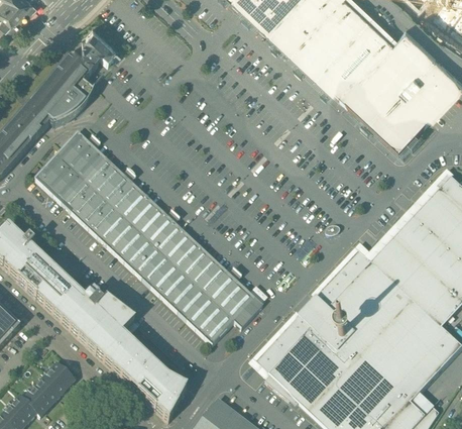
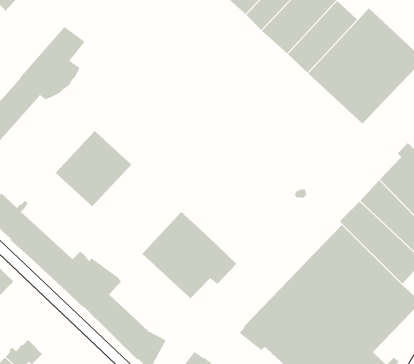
building: [81,25,120,66] -> none
building: [33,130,108,206] -> none
building: [105,197,202,294] -> none
building: [254,248,376,374] -> none
building: [35,362,74,403] -> none

